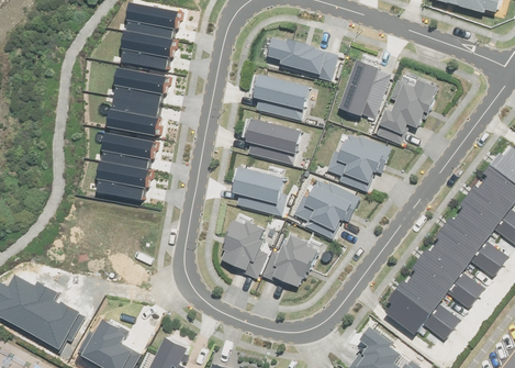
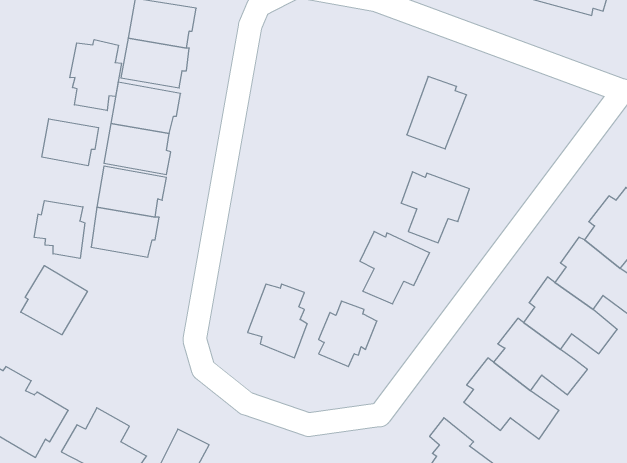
building: none -> [70,40,122,111]
building: [267,37,335,79] -> none
building: [254,74,309,120] -> none
building: [376,79,436,143] -> none
building: none -> [42,119,99,166]
building: [246,118,301,165] -> none
building: none -> [34,201,85,258]
building: [234,166,283,213] -> none
building: none -> [21,266,87,335]

